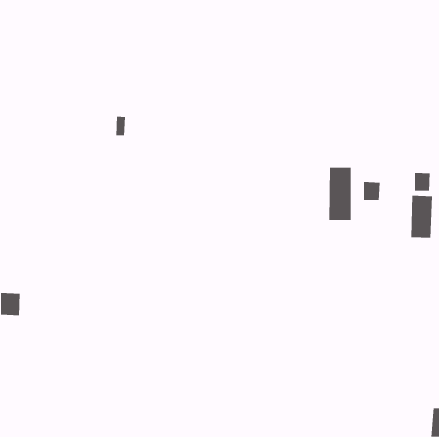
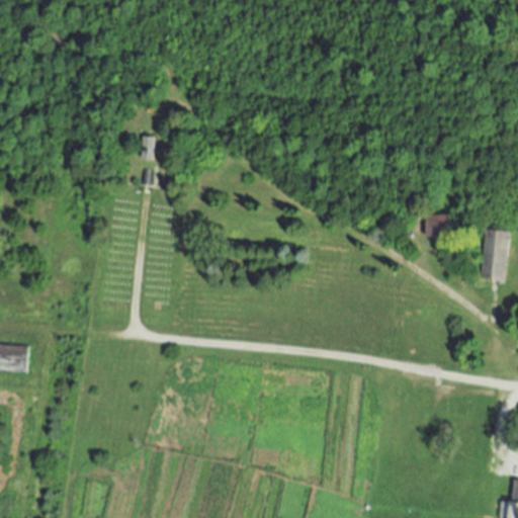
building: [329,167,351,221] -> none
building: [415,172,430,192] -> none

